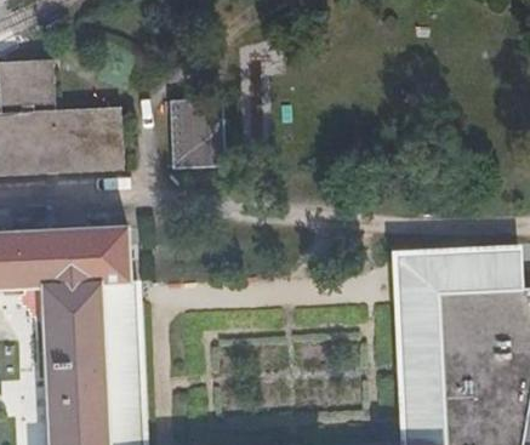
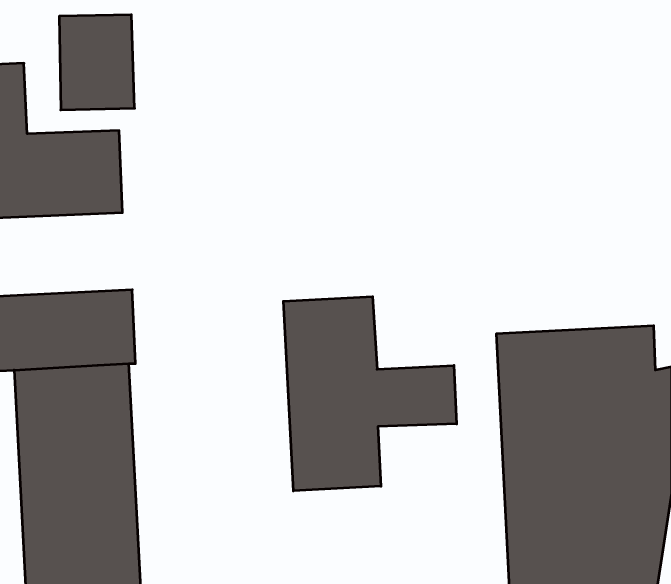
building: [167,99,223,170] -> [59,15,135,110]
building: none -> [283,297,457,491]

